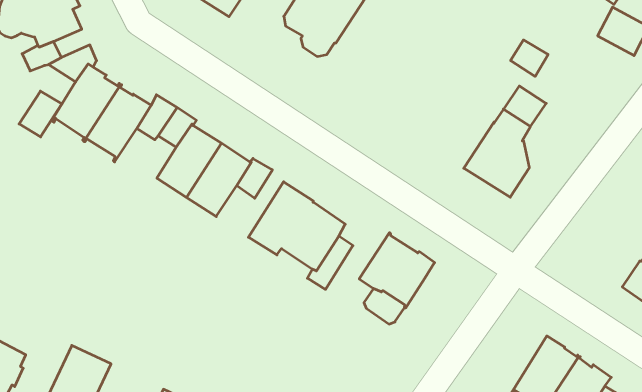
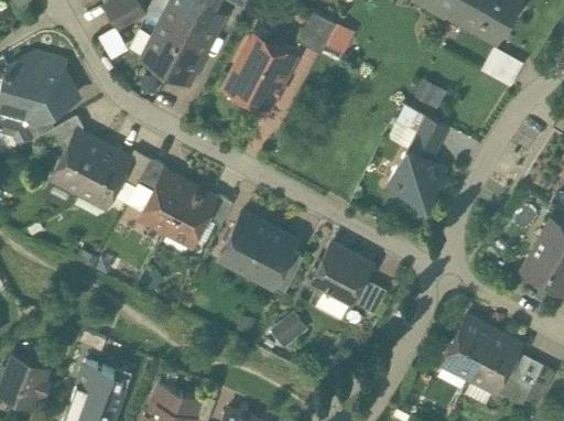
building: [19,91,62,137] -> none
building: none -> [351,280,387,315]
building: none -> [272,312,308,345]

